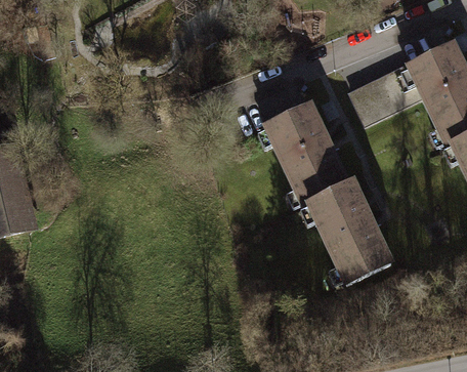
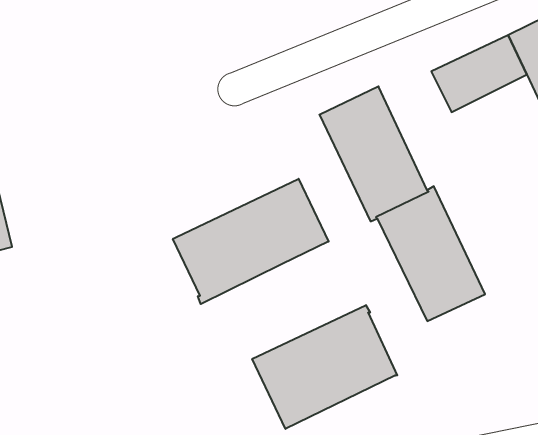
building: none -> [173,179,329,304]
building: none -> [252,305,397,429]

